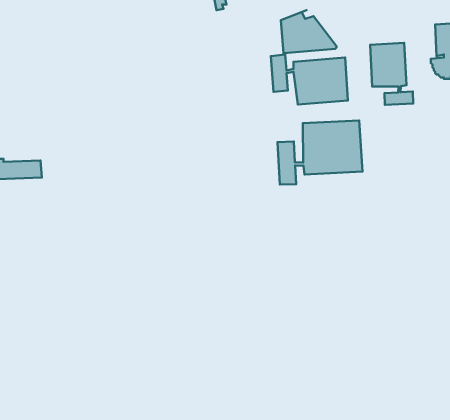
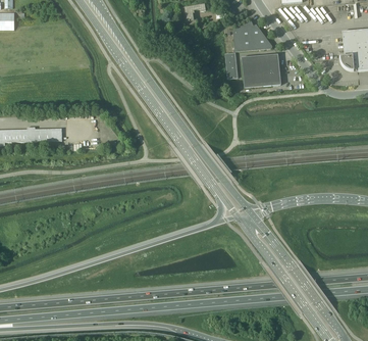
building: [370,43,413,105] -> none
building: [278,121,363,185] -> none

